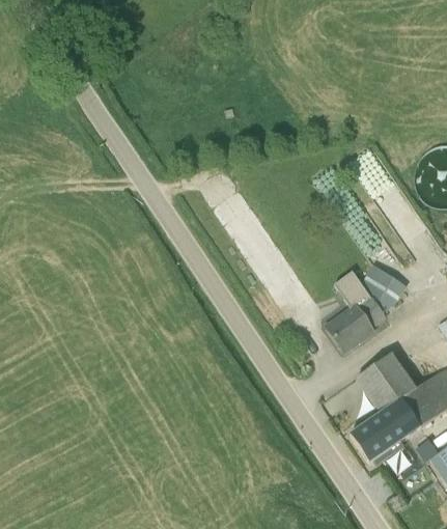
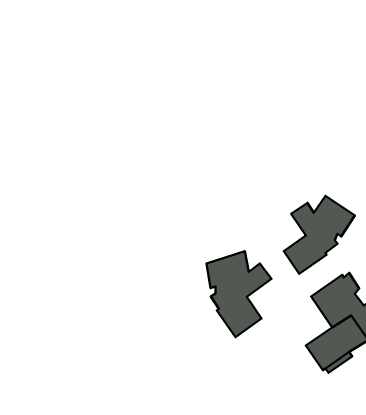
building: none -> [207,251,271,337]

